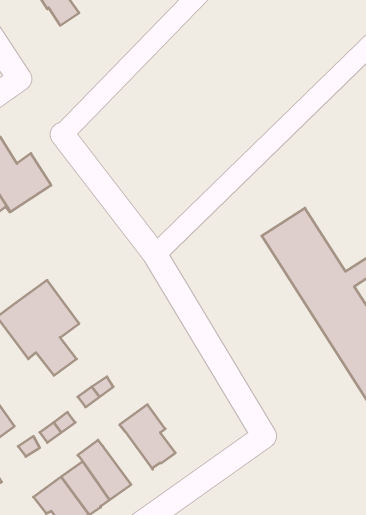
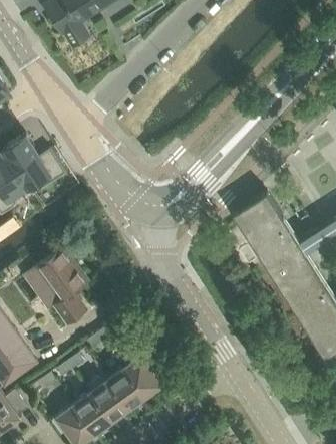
building: none -> [107,369,146,411]

